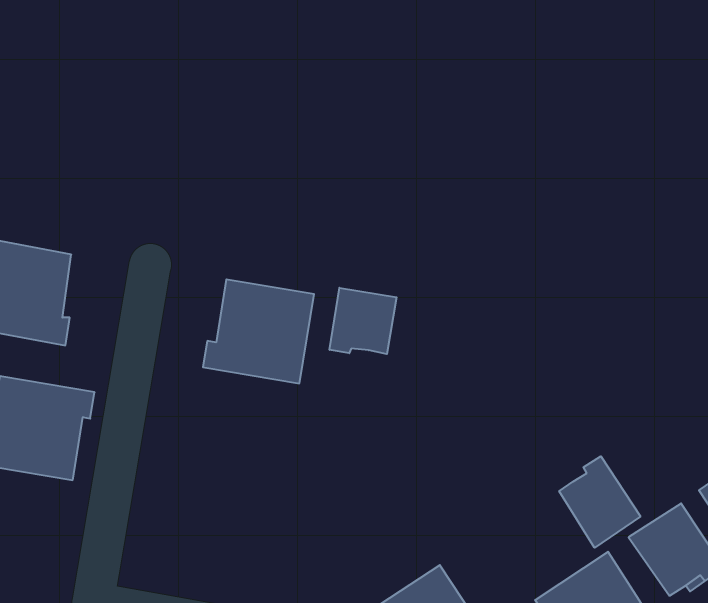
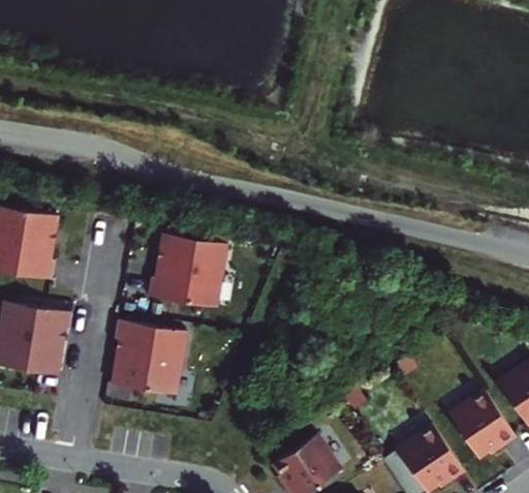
building: [330,288,397,354] -> none
building: none -> [113,320,185,395]
building: [559,456,640,548] -> none

